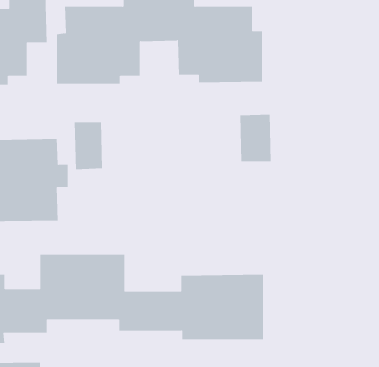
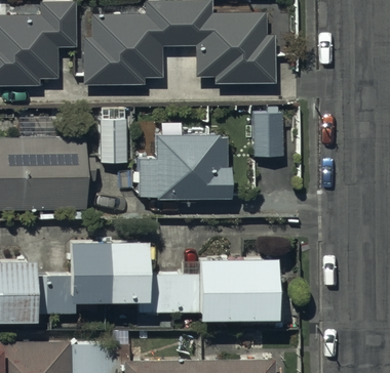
building: none -> [139,133,231,200]

